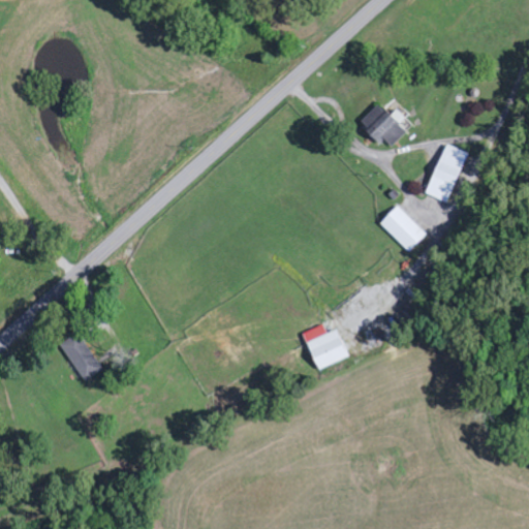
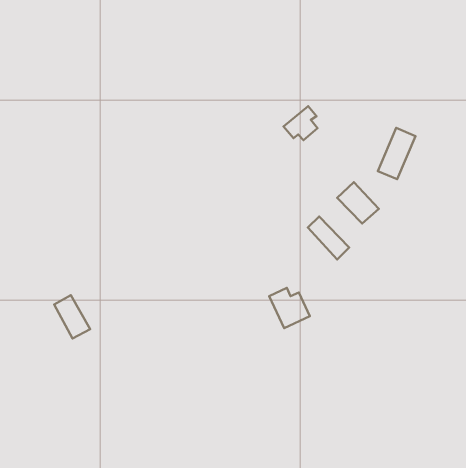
building: [367,106,405,145] -> [283,106,317,140]
building: none -> [308,217,349,259]

